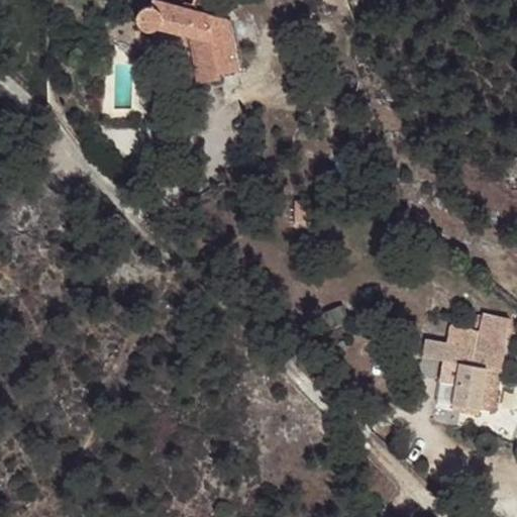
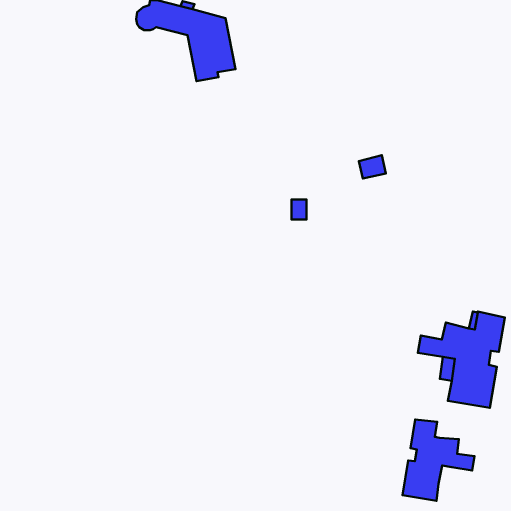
building: none -> [402,419,474,501]

